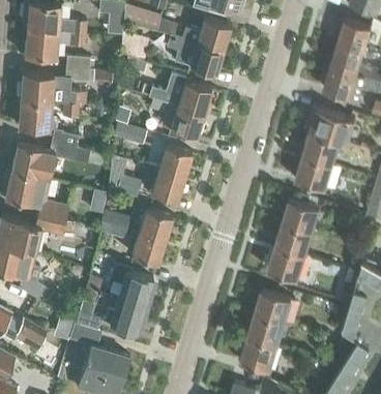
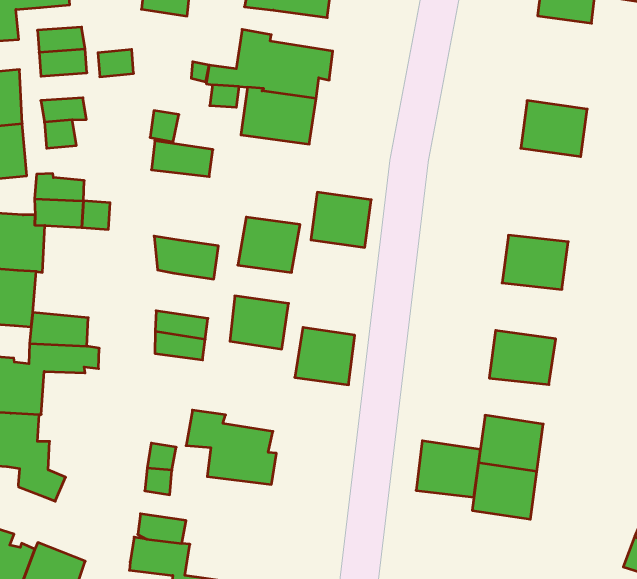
building: [306,105,355,144] -> none
building: [157,145,192,177] -> [311,192,371,247]
building: [296,156,333,189] -> none
building: [275,223,313,256] -> none
building: [130,231,165,264] -> [295,327,355,385]
building: [108,298,148,334] -> none
building: [241,337,277,370] -> [416,441,480,497]

